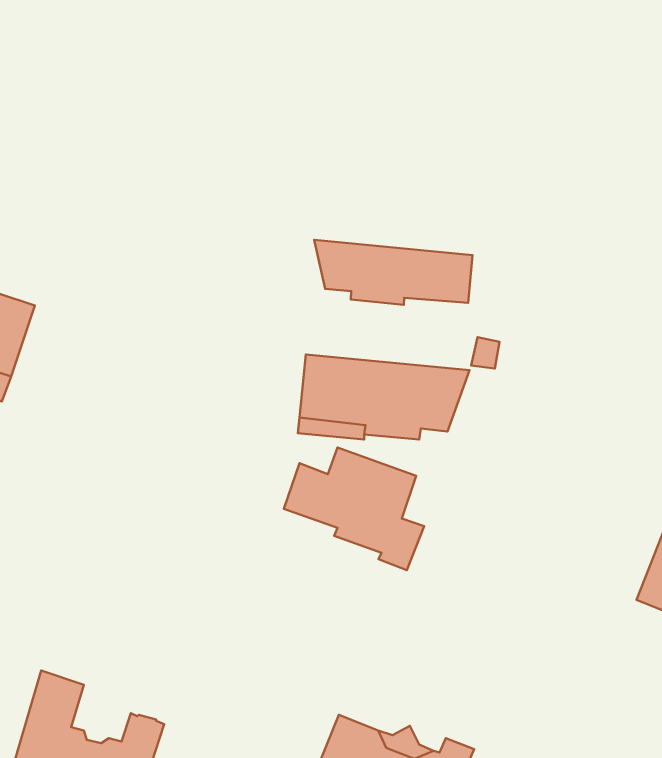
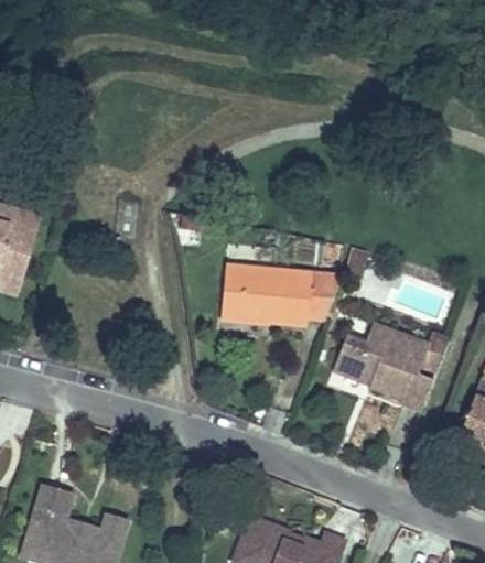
building: [314,240,473,305] -> none
building: [284,448,424,570] -> [336,323,434,409]

